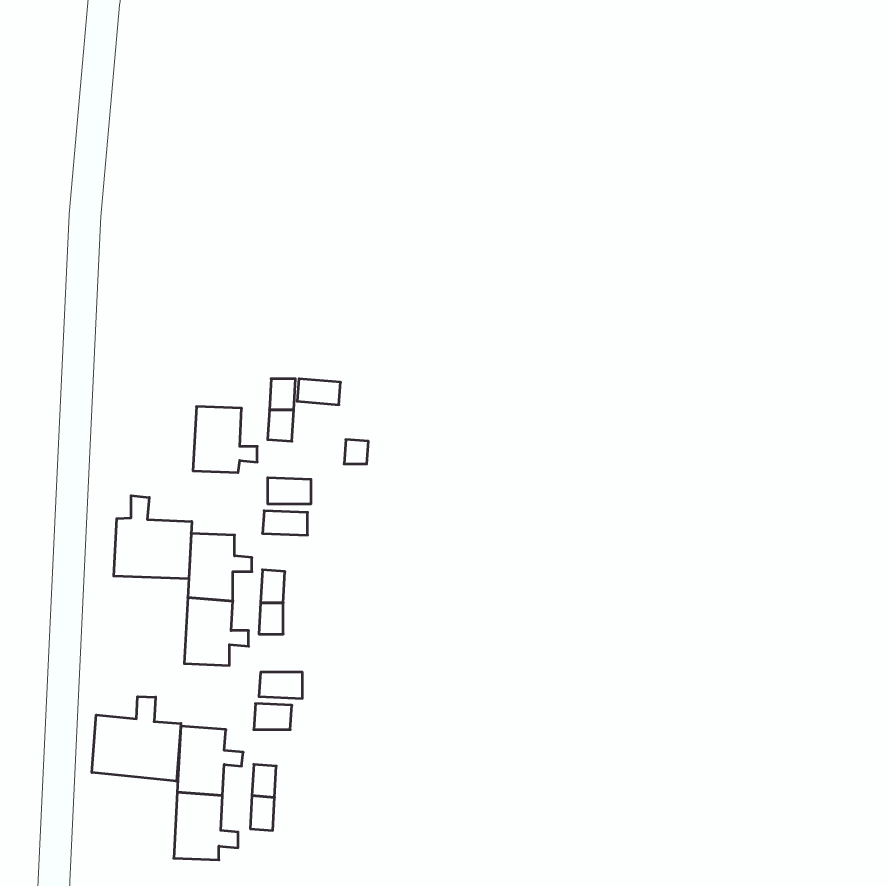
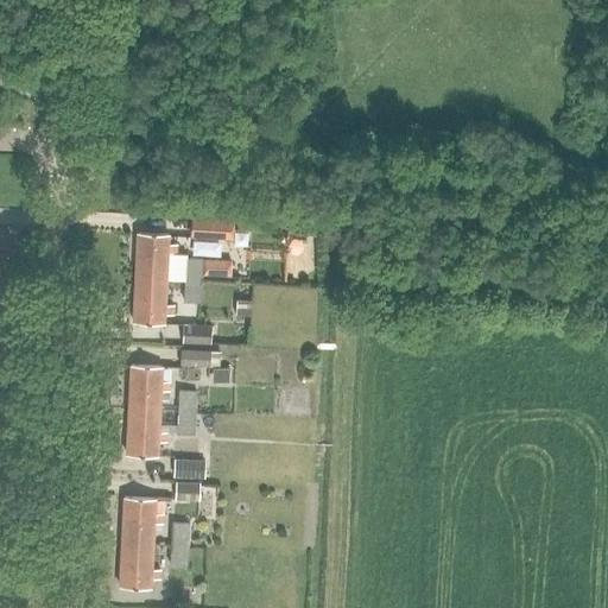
building: none -> [190,220,235,241]
building: none -> [134,234,179,280]
building: [114,496,192,579] -> none
building: [92,697,181,781] -> none

